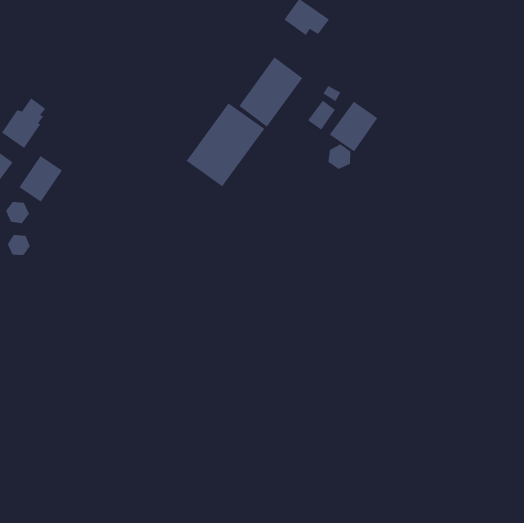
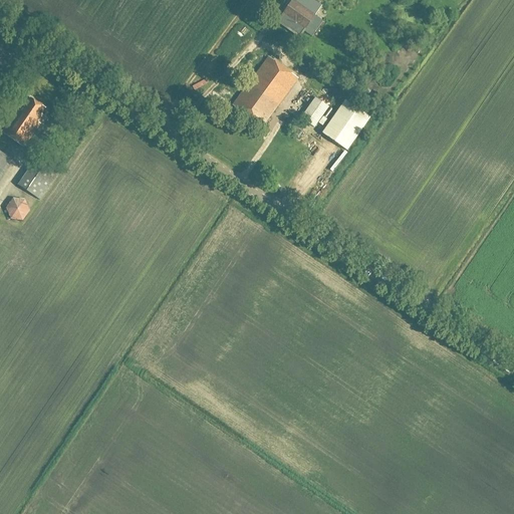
building: [186,102,265,187] -> none
building: [328,144,351,170] -> none
building: [7,234,31,256] -> none

